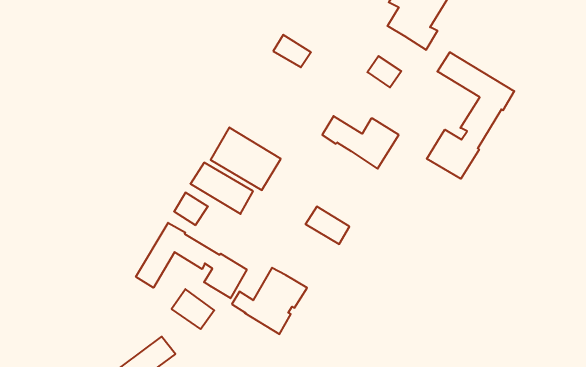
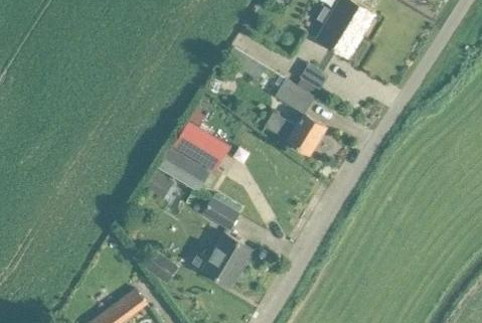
building: [427,52,514,179] -> none
building: none -> [275,79,315,115]
building: [305,207,349,244] -> [203,199,238,229]
building: [136,223,247,298] -> none

